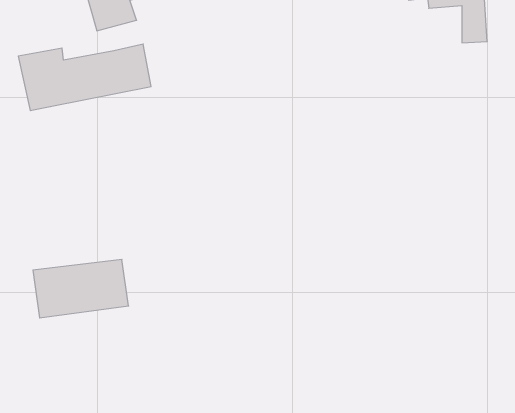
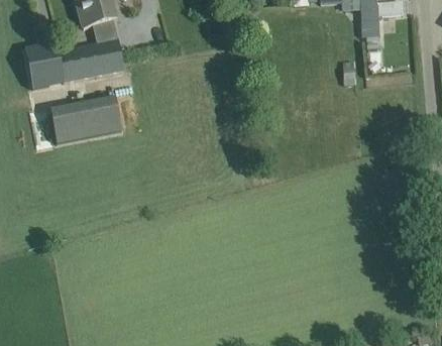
building: [33,259,129,318] -> [48,97,121,141]

